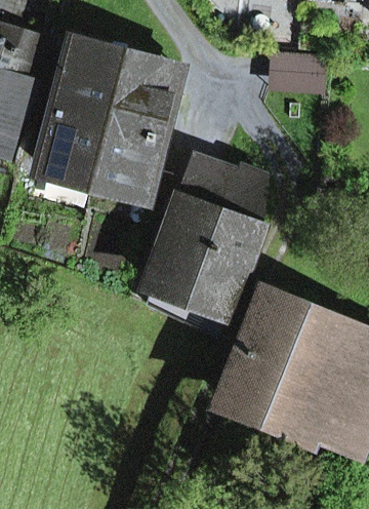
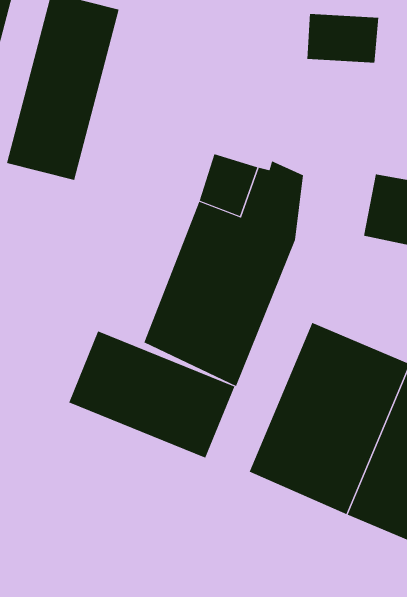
building: [91,48,179,192] -> none
building: none -> [68,331,235,458]

